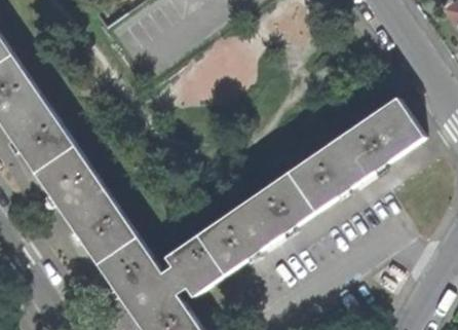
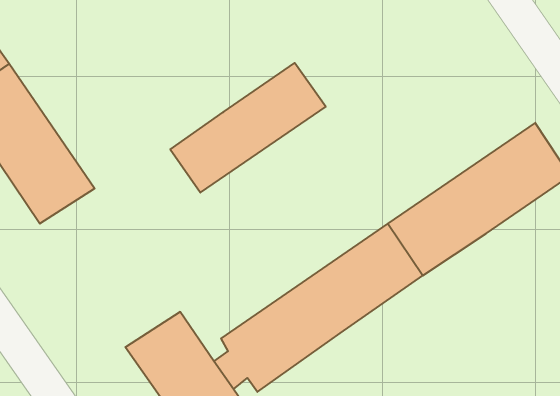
building: none -> [170,63,326,193]
building: [34,146,137,262] -> none

